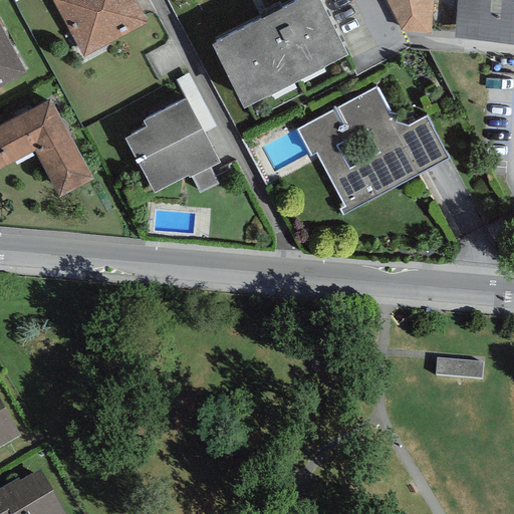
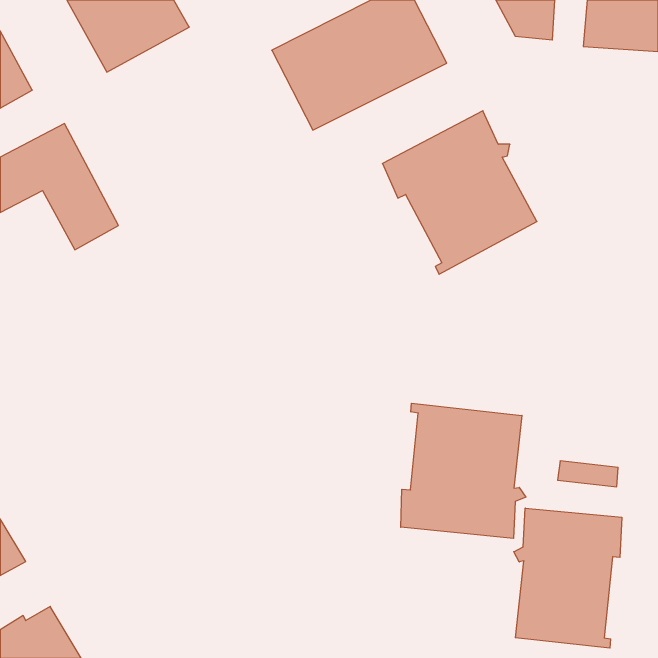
building: [124,95,220,191] -> none
building: [392,114,448,173] -> none
building: none -> [401,403,526,538]
building: none -> [514,508,622,648]

